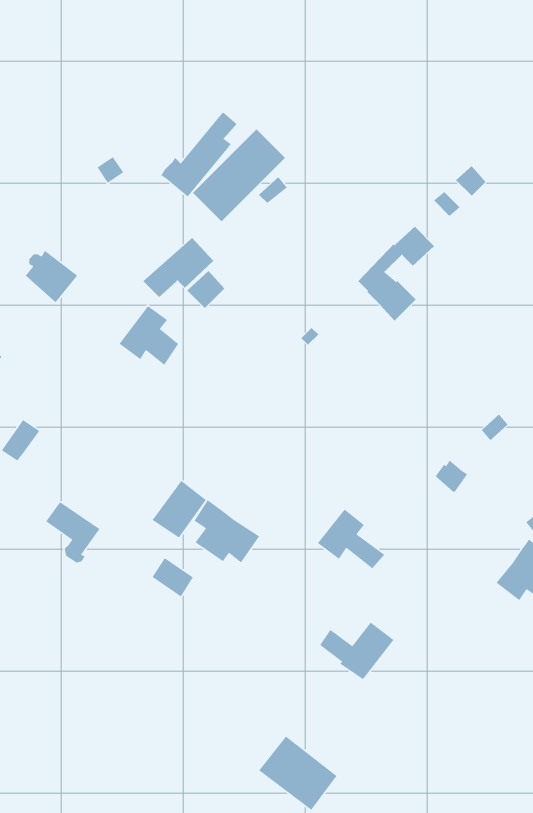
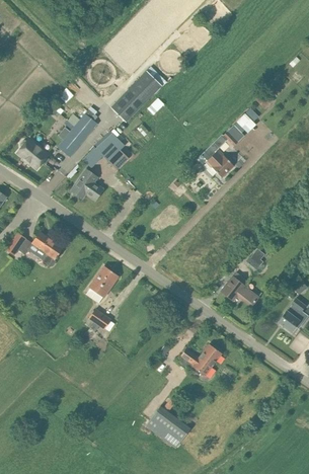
building: [160,111,237,197] -> [55,109,97,157]
building: [193,499,260,564] -> none
building: [45,501,100,564] -> [32,232,63,266]
building: [317,508,385,569] -> [221,272,258,306]

